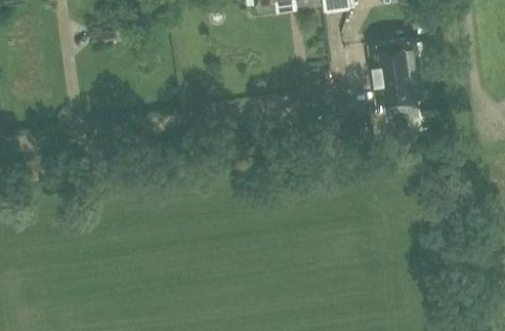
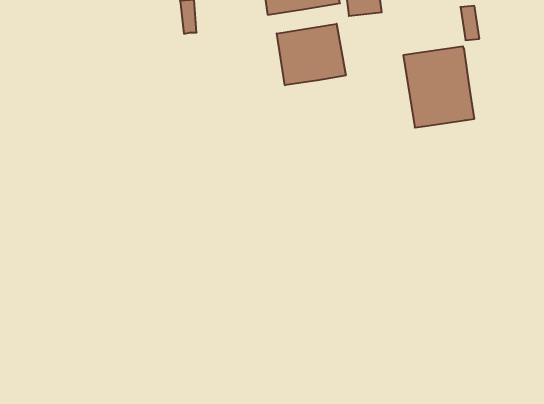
building: none -> [277,24,346,85]

